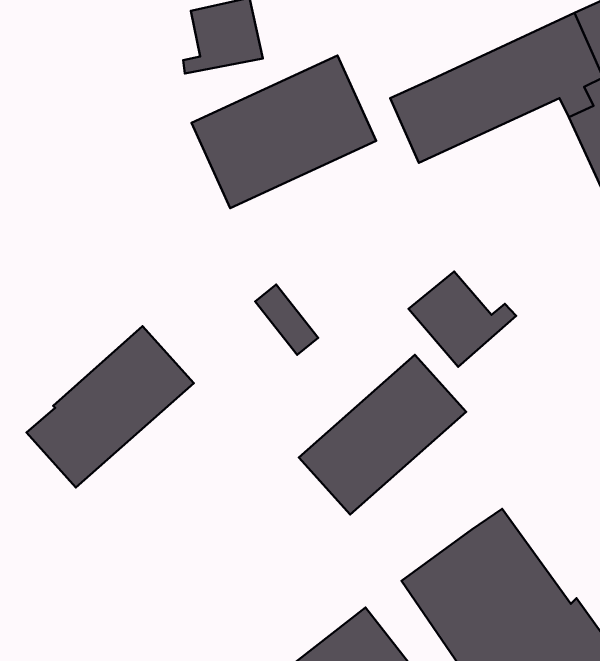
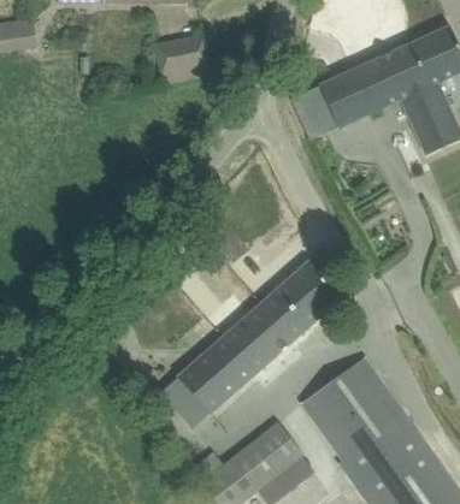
building: [192,56,376,208] -> none
building: [409,271,516,367] -> none
building: [27,326,194,488] -> [160,326,266,428]

